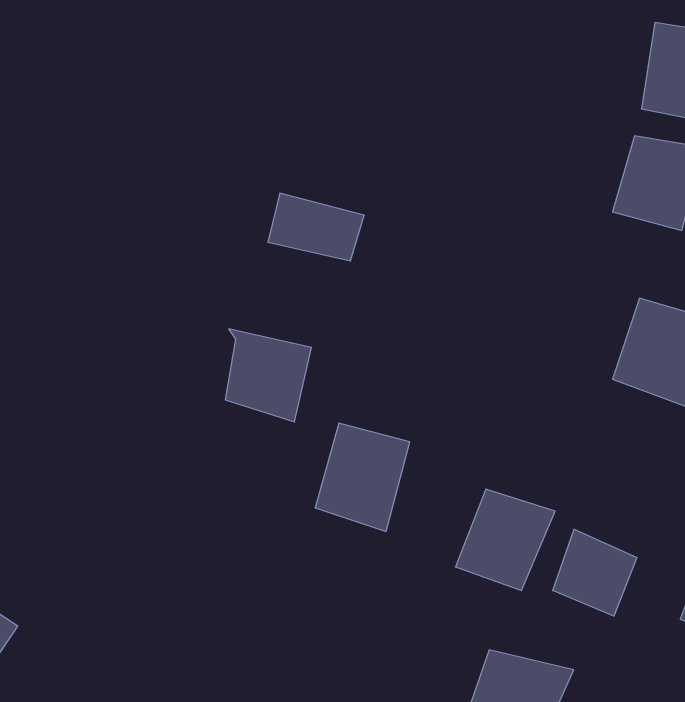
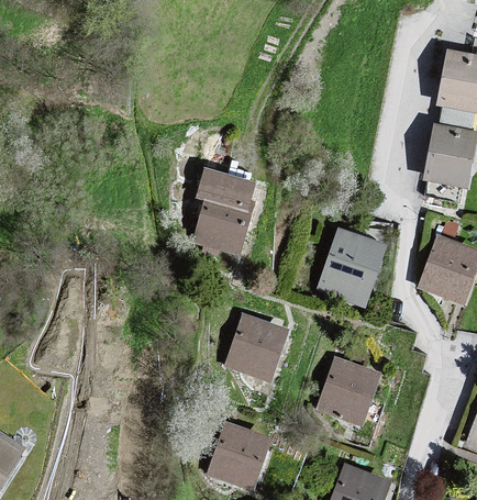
building: none -> [313,226,390,310]
building: [225,329,311,422] -> [192,199,248,259]
building: [553,529,637,616] -> none
building: none -> [203,419,271,491]

